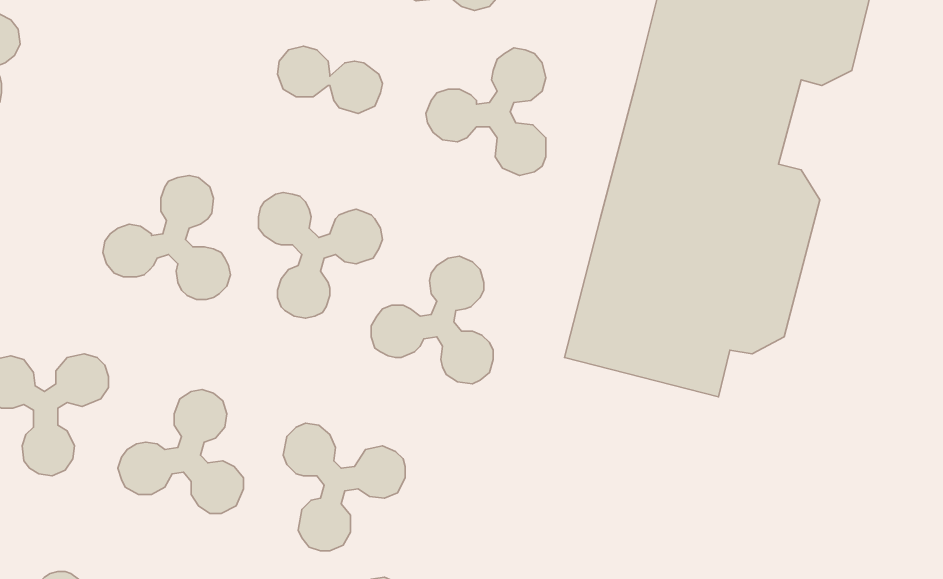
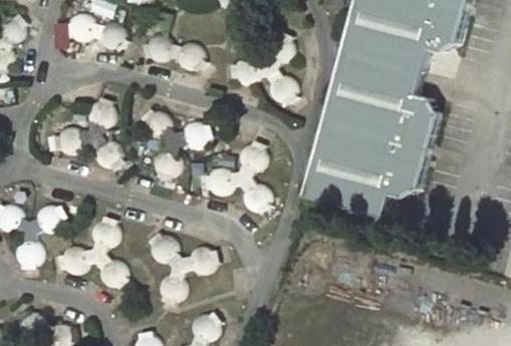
building: none -> [69,12,126,47]

